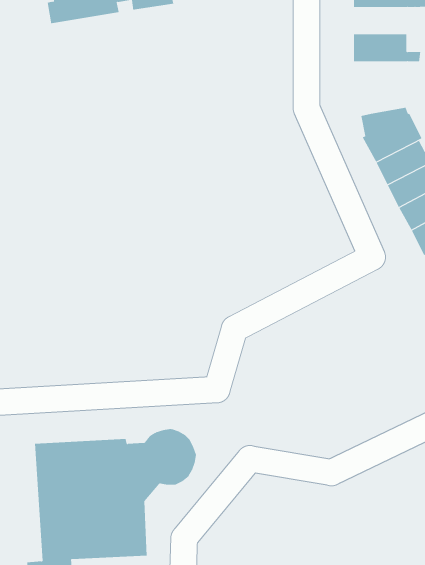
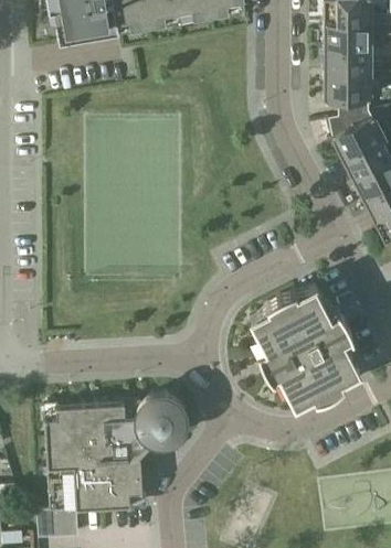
building: none -> [325,28,379,51]
building: none -> [325,75,372,120]
building: none -> [252,288,362,407]

